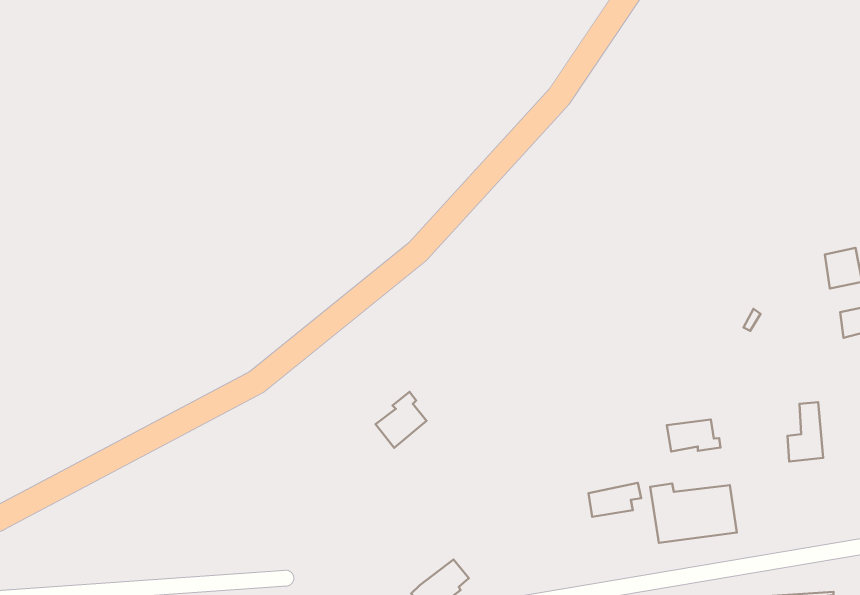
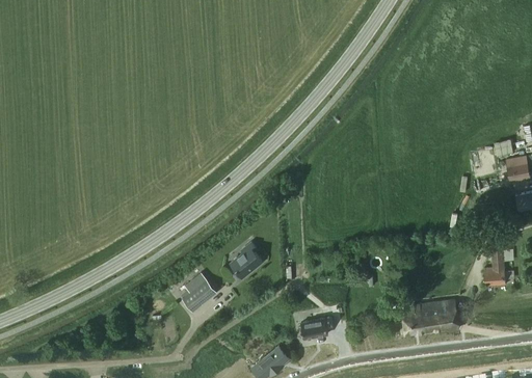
building: [667,420,721,451] -> none
building: none -> [182,271,217,311]
building: [589,483,641,517] -> [301,316,334,336]

